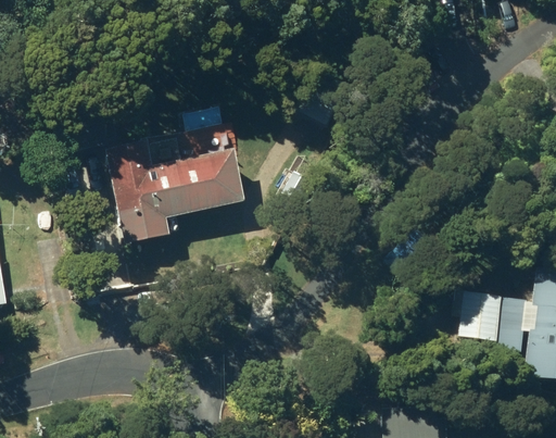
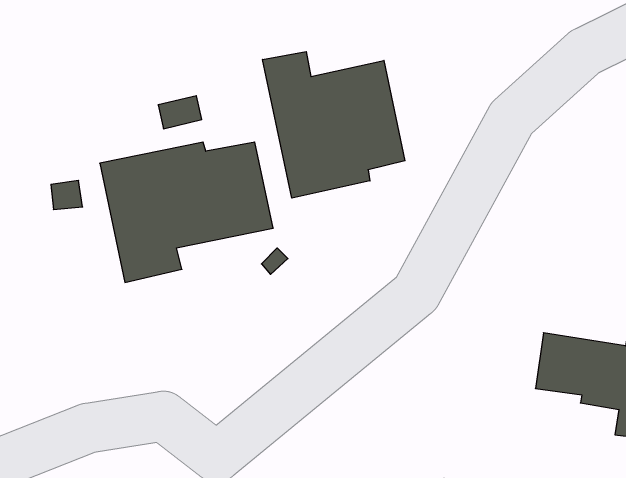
building: none -> [263,52,405,198]

